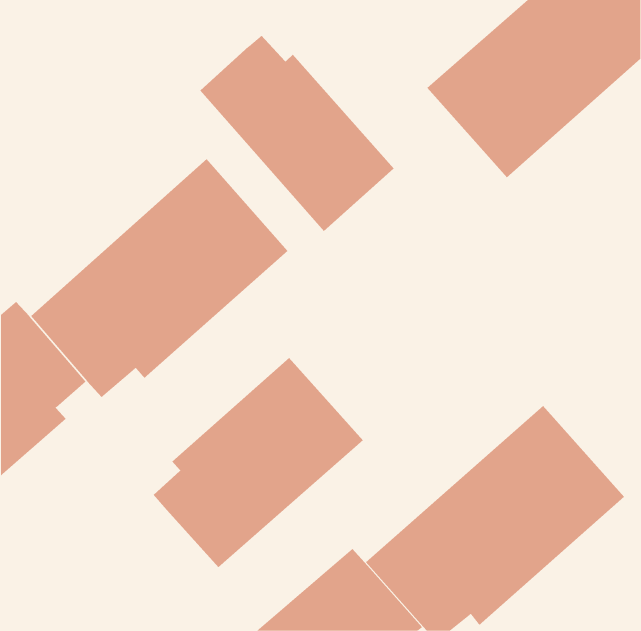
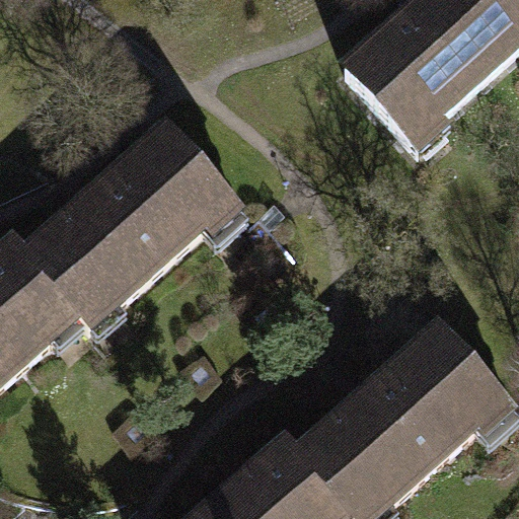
building: [199,35,395,232] -> none
building: [153,357,364,568] -> none

